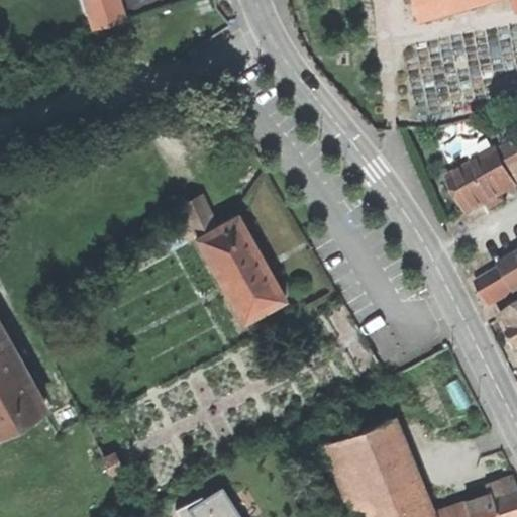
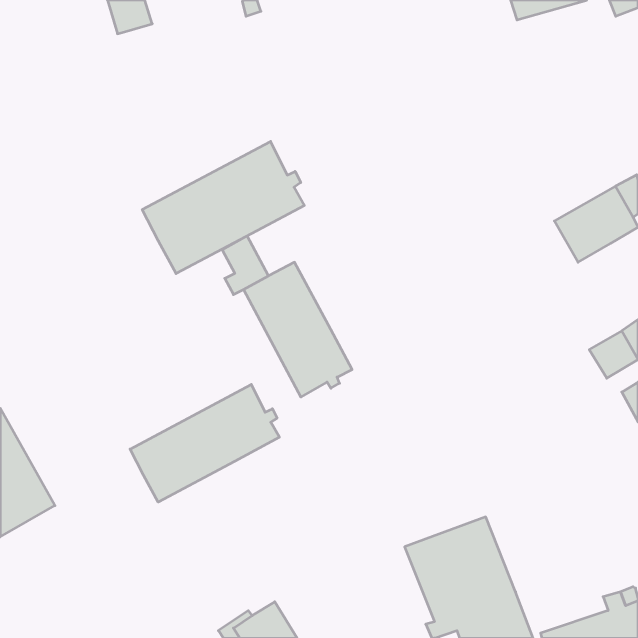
building: none -> [142,141,304,274]
building: none -> [130,384,279,502]

